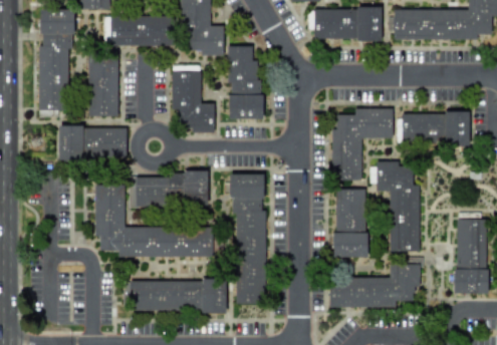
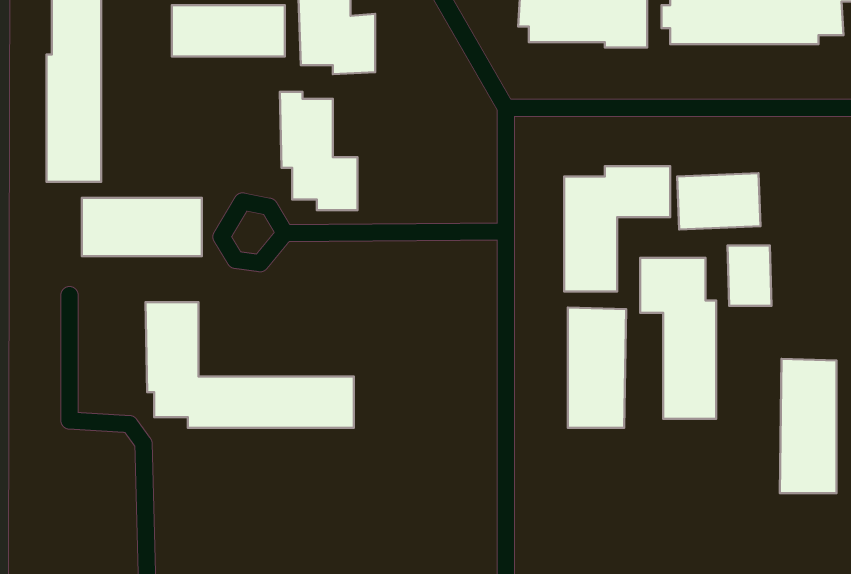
building: [228,46,262,119] -> none
building: [87,56,118,117] -> none
building: [445,111,470,145] -> [727,246,772,306]
building: [130,174,208,207] -> none
building: [230,174,265,309] -> none
building: [329,258,421,306] -> none
building: [130,280,226,312] -> none

